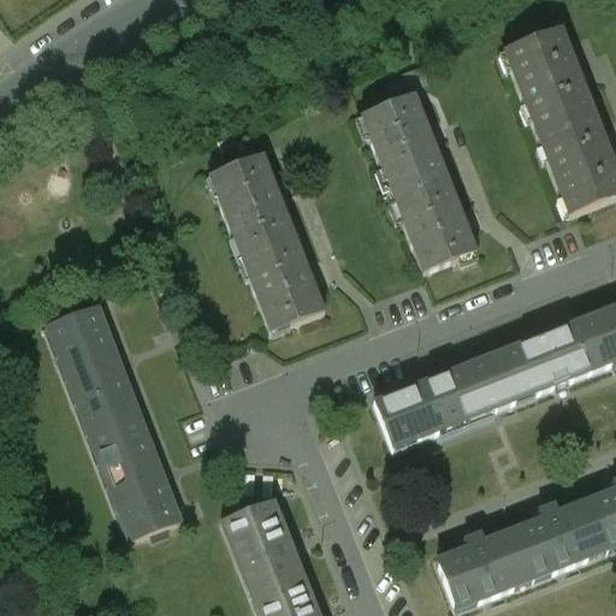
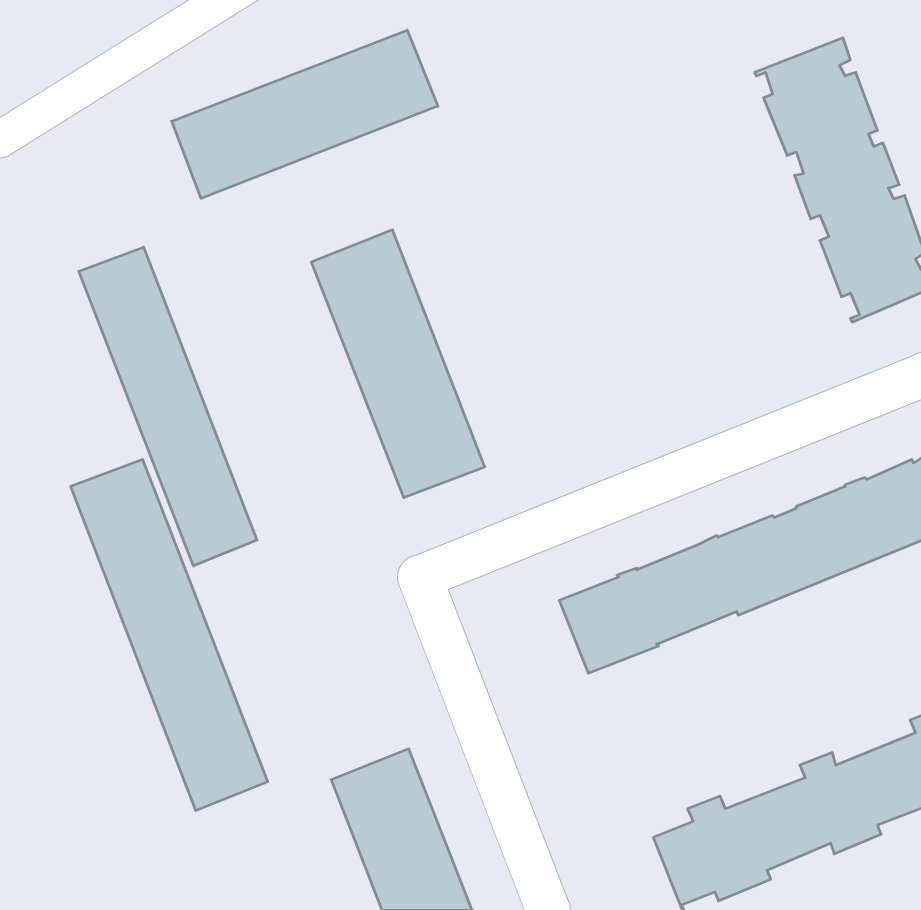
building: none -> [172,30,438,198]
building: [362,93,478,271] -> none
building: none -> [79,247,257,566]

